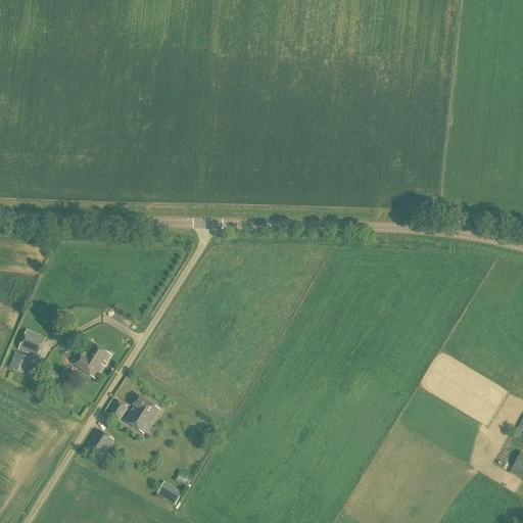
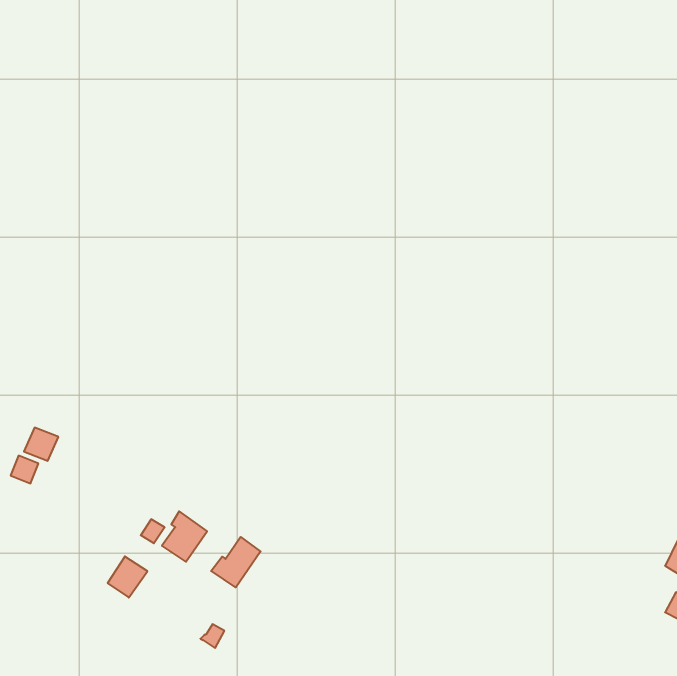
building: [75,341,111,378] -> none
building: none -> [211,537,261,587]

